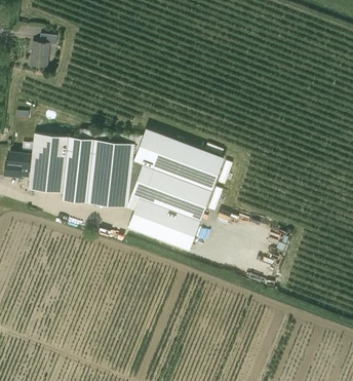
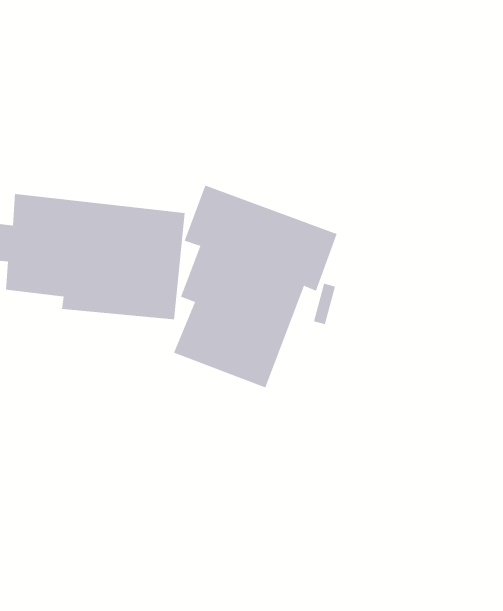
building: [31,35,58,68] -> none

